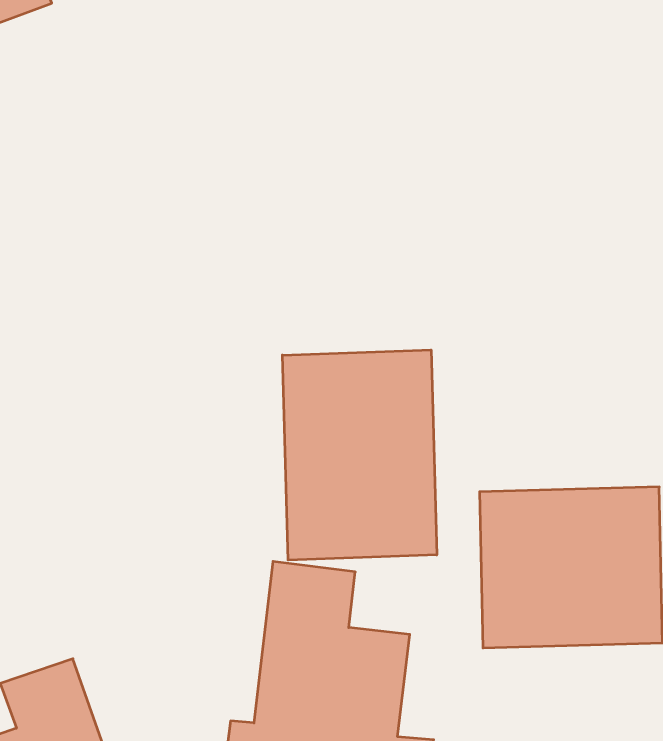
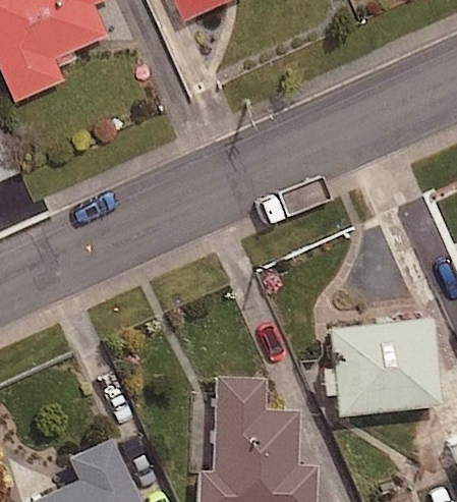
building: [282,350,437,560] -> none

